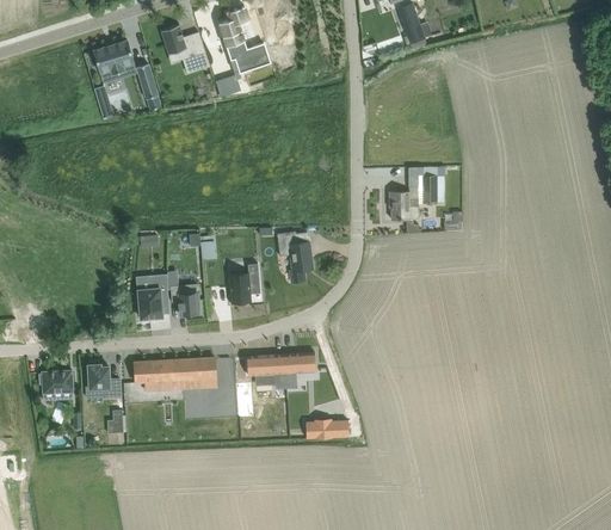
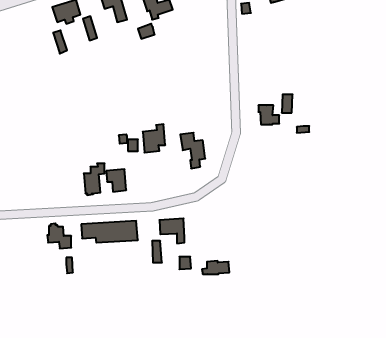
building: [228,264,260,304] -> [143,124,165,153]
building: [284,352,315,382] -> none
building: [39,370,73,394] -> none

